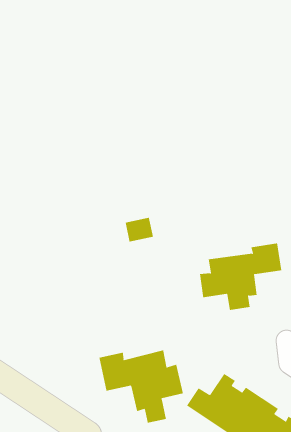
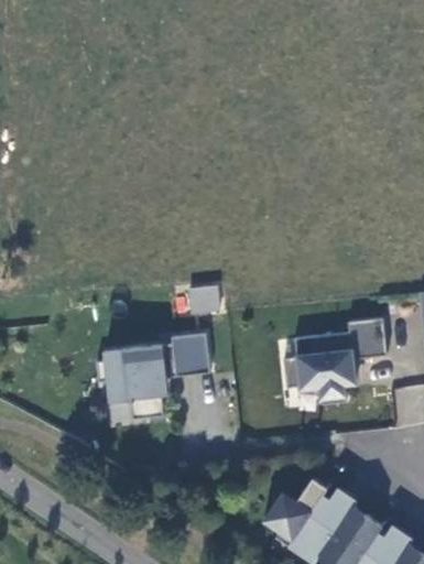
building: none -> [97,332,211,419]
building: [99,350,183,424] -> none

